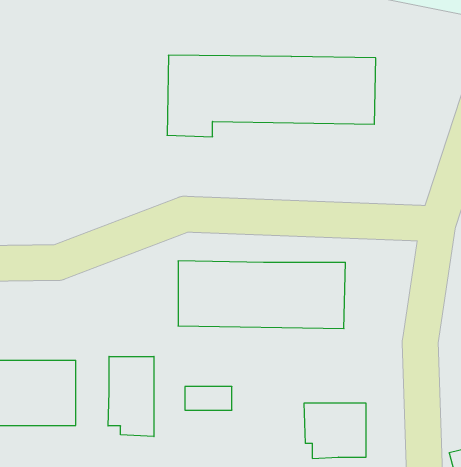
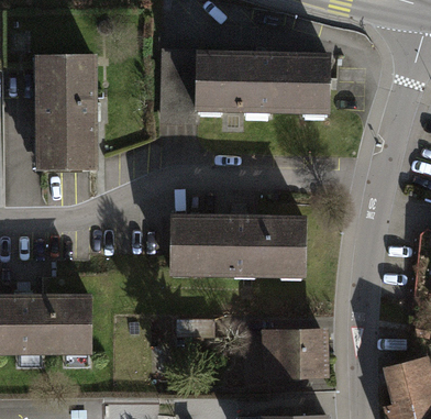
building: none -> [41,57,93,168]
building: [108,356,154,437] -> none

